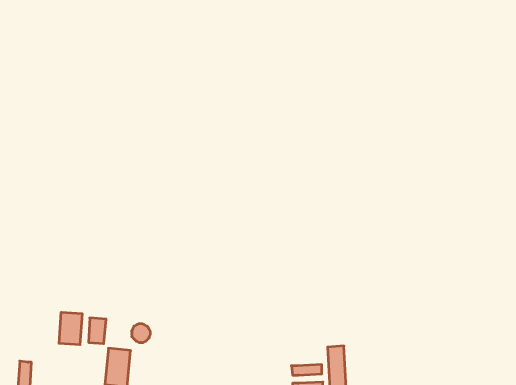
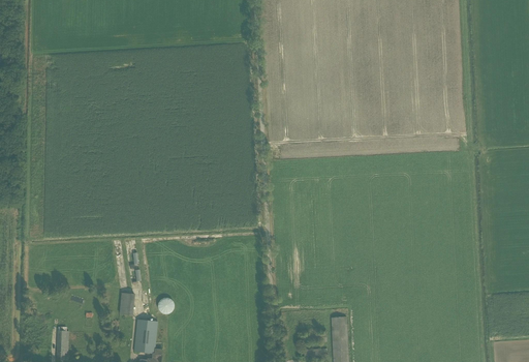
building: [59,312,82,345] -> none

